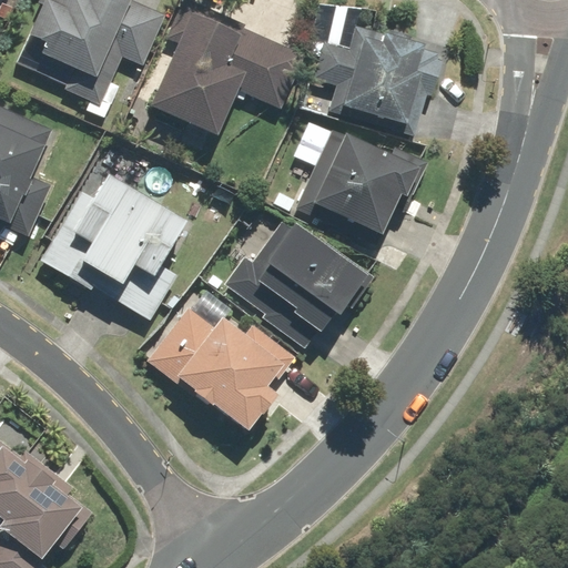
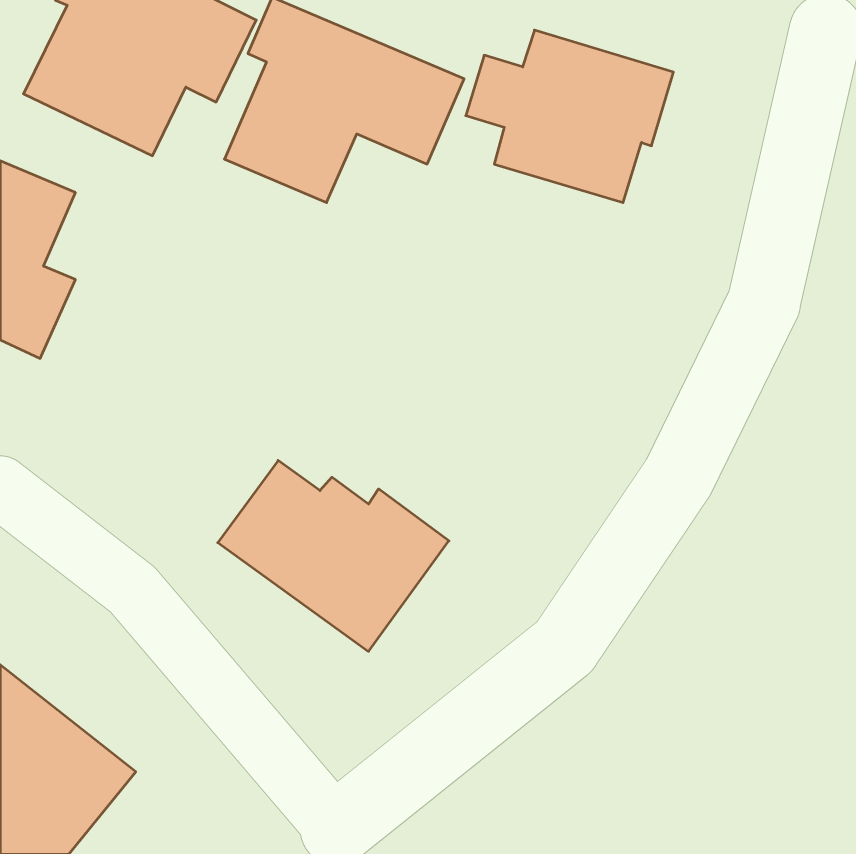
building: [295,126,426,246] -> none
building: [39,173,185,325] -> none
building: [223,215,368,353] -> none

